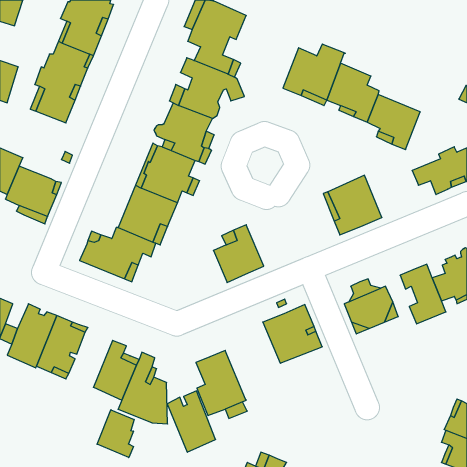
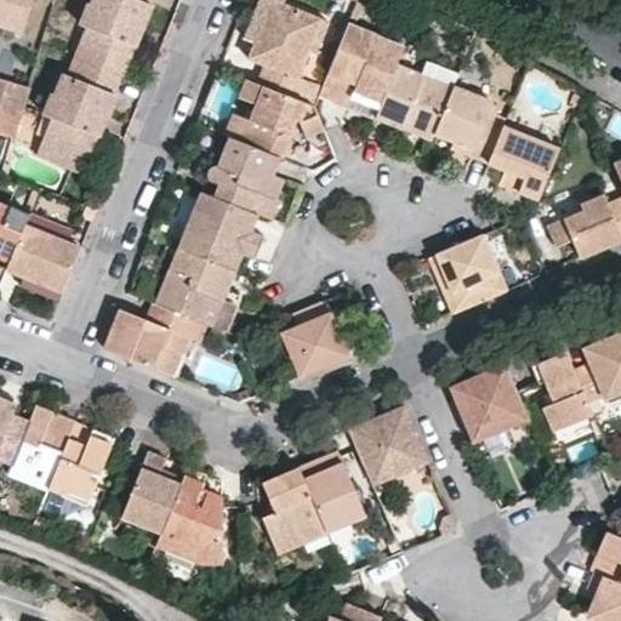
building: none -> [323,25,403,119]
building: [167,391,216,452] -> [298,449,363,530]
building: [97,410,134,458] -> none

